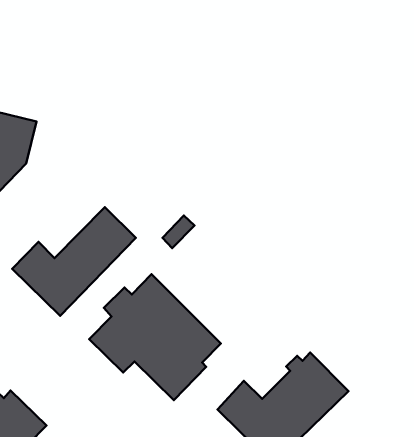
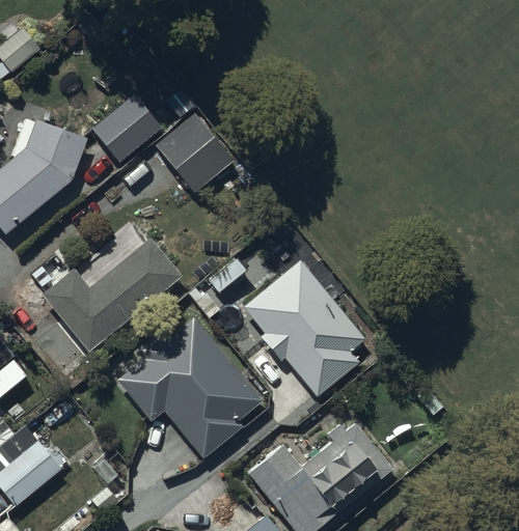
building: none -> [90,99,155,163]
building: none -> [158,112,240,193]
building: none -> [244,260,365,397]

